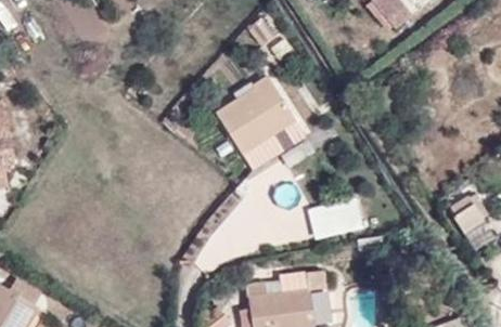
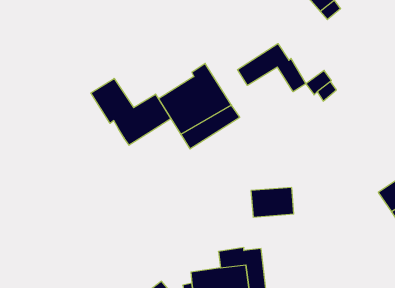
building: none -> [238,44,306,92]
building: none -> [91,78,171,145]

